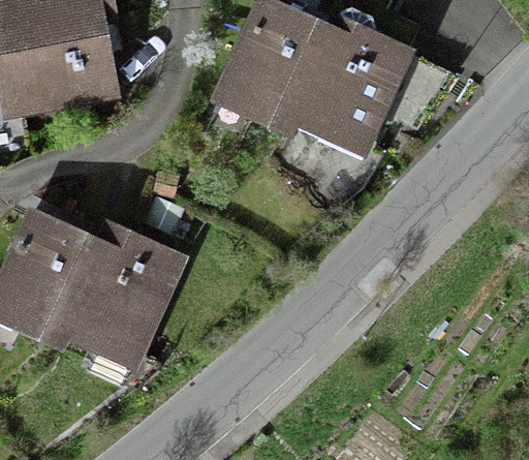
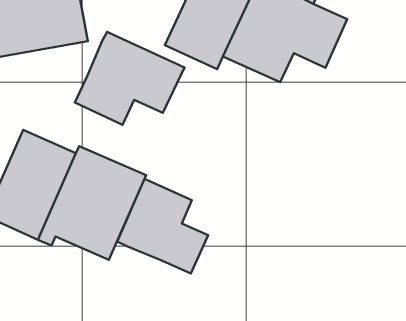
building: none -> [75,32,185,125]
building: none -> [117,179,208,273]

